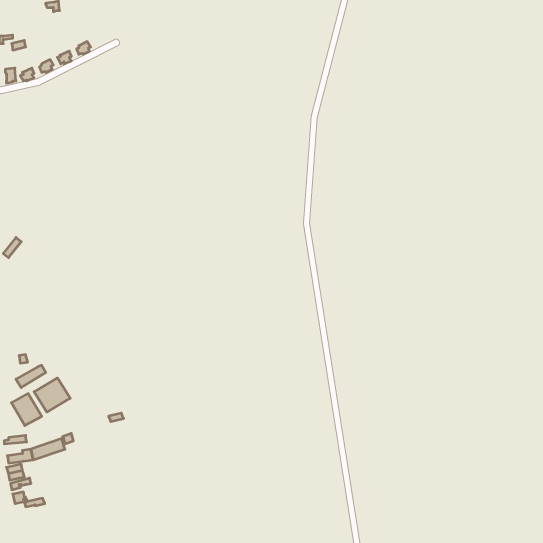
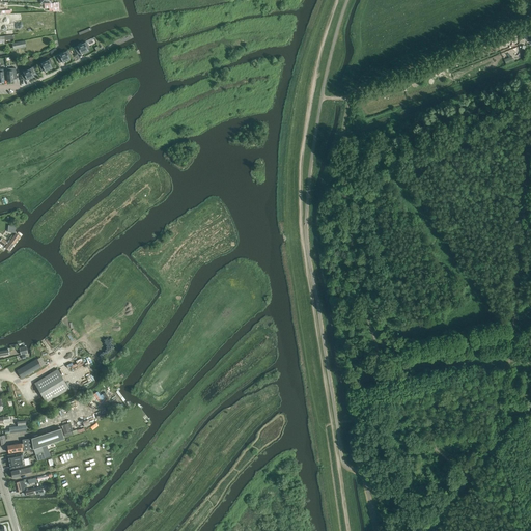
building: [11,394,42,426] -> none

